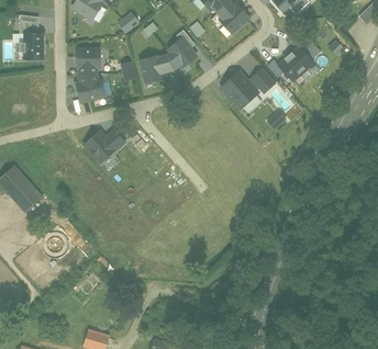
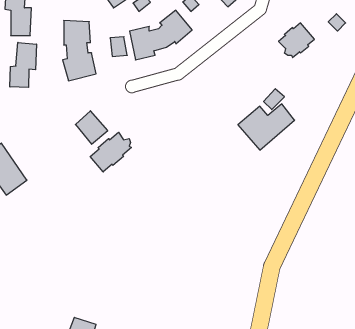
building: [219,65,273,109] -> [238,104,295,150]
building: none -> [10,42,36,87]
building: none -> [90,132,131,172]

